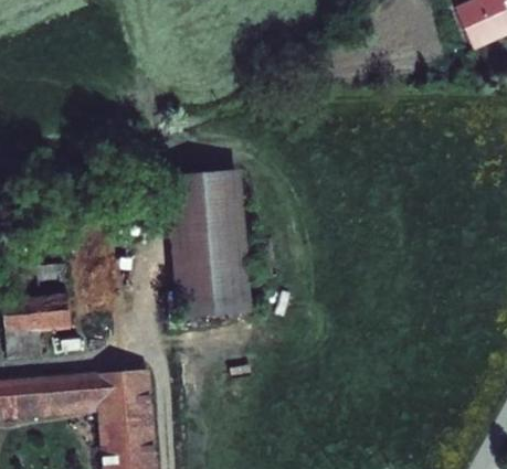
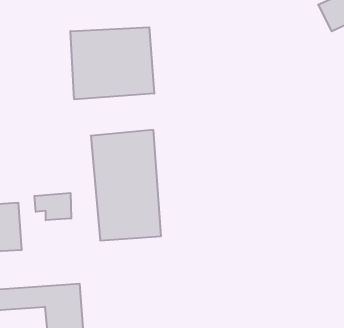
building: none -> [70,27,154,99]
building: none -> [35,193,71,220]

